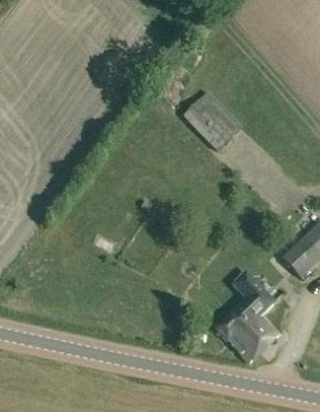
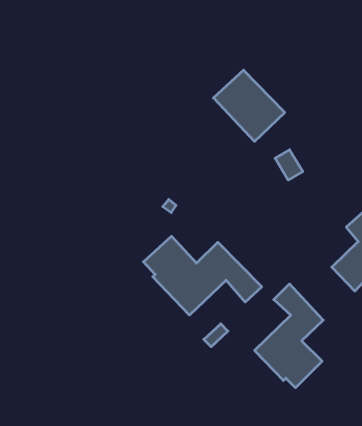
building: none -> [143,236,262,315]

